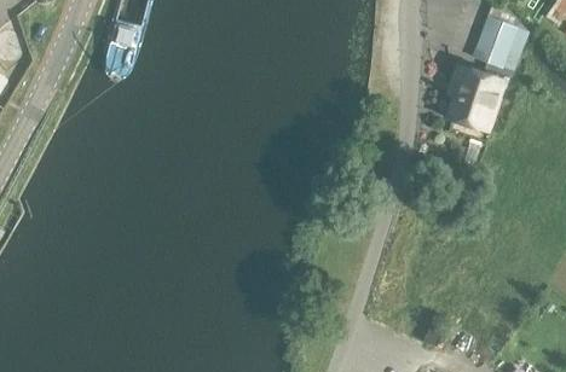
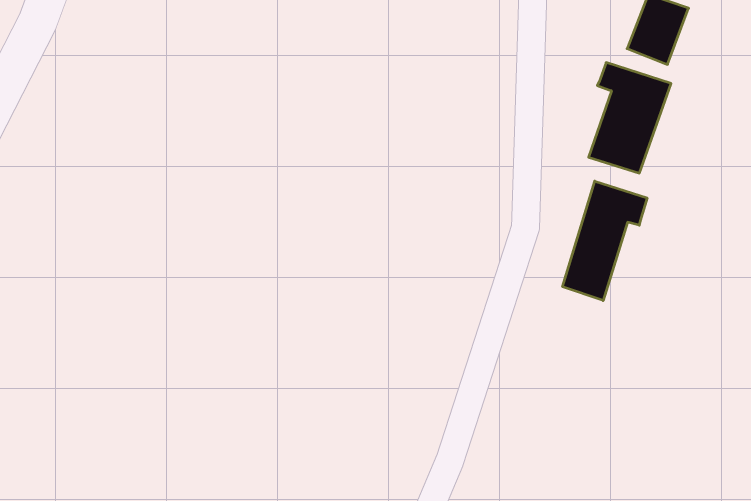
building: none -> [563,181,647,301]

